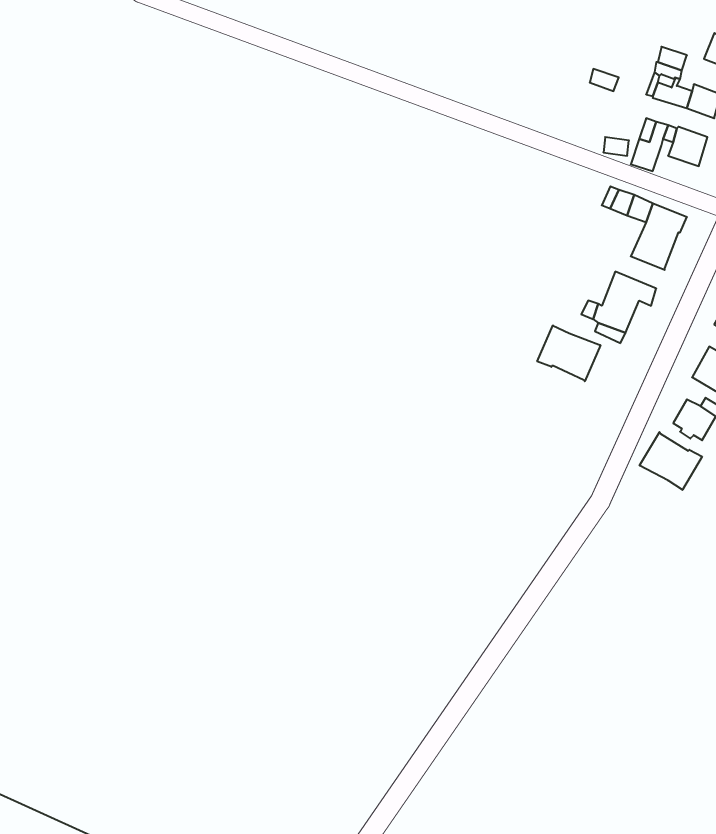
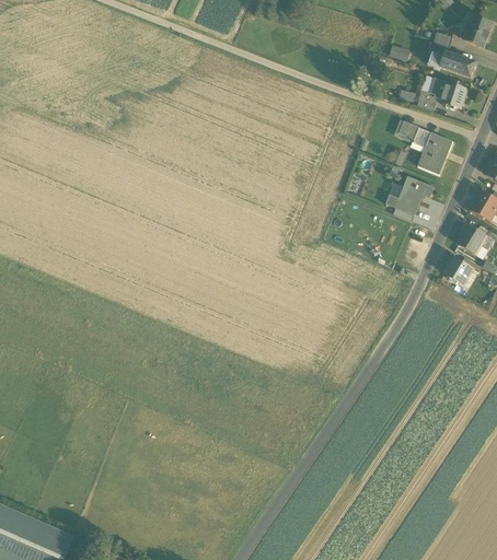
building: [537,325,600,381] -> none
building: [640,432,702,490] -> none

